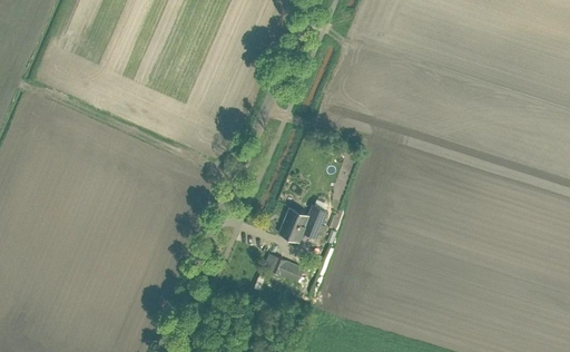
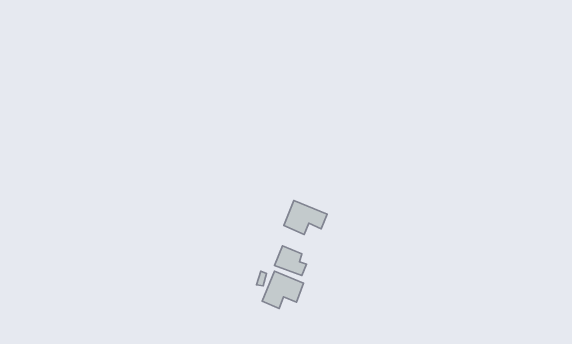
building: none -> [262,271,304,309]

